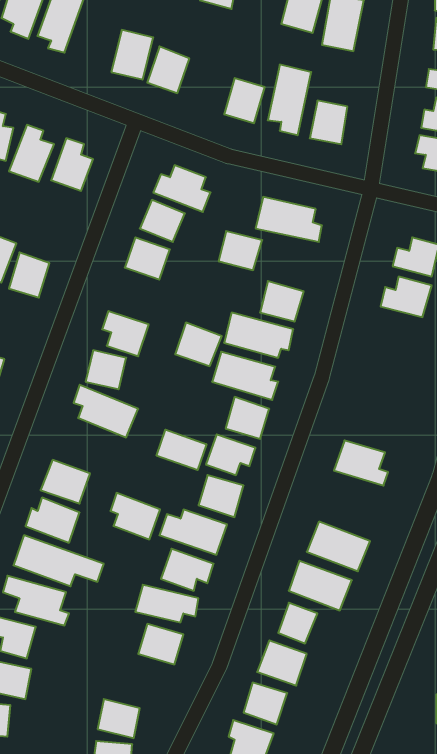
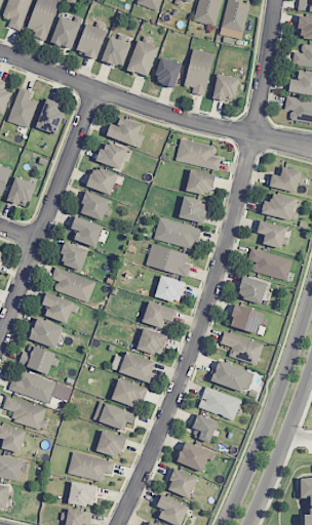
building: none -> [51,16,79,48]
building: none -> [126,40,158,77]
building: [219,231,262,270] -> [186,169,216,196]
building: none -> [257,220,289,248]
building: [175,323,222,366] -> [78,191,110,220]
building: none -> [247,248,293,281]
building: none -> [237,276,267,304]
building: [157,430,206,470] -> none
building: none -> [220,331,264,365]
building: [110,493,160,539] -> [42,292,76,324]
building: none -> [68,451,115,482]

